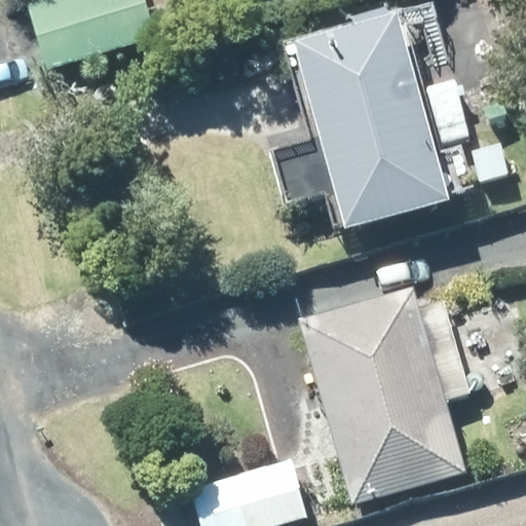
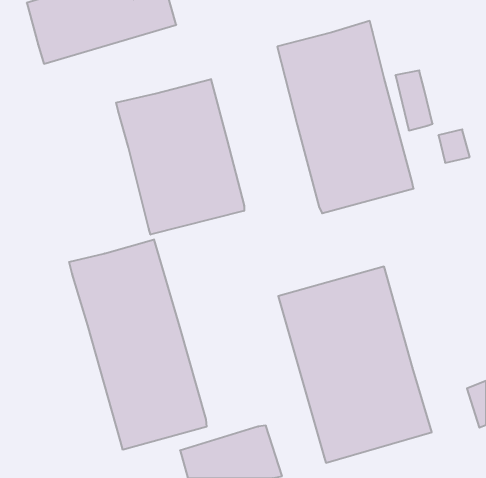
building: none -> [116,79,244,235]
building: none -> [69,239,207,450]

